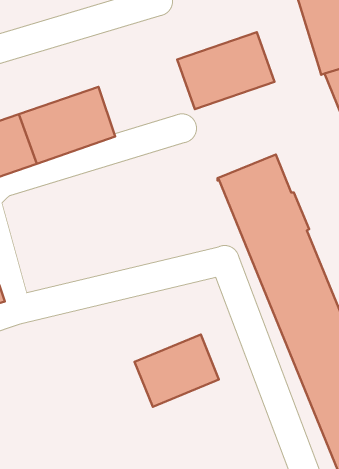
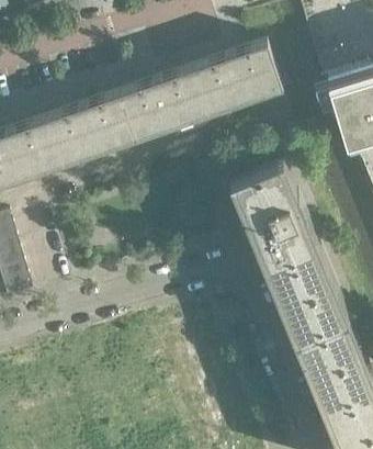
building: none -> [120,67,208,138]
building: [135,335,219,407] -> none

